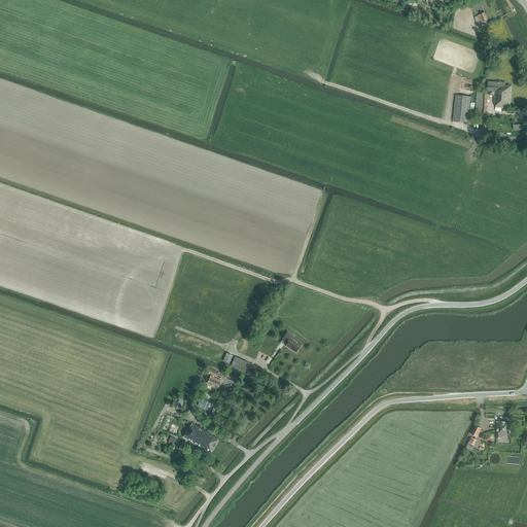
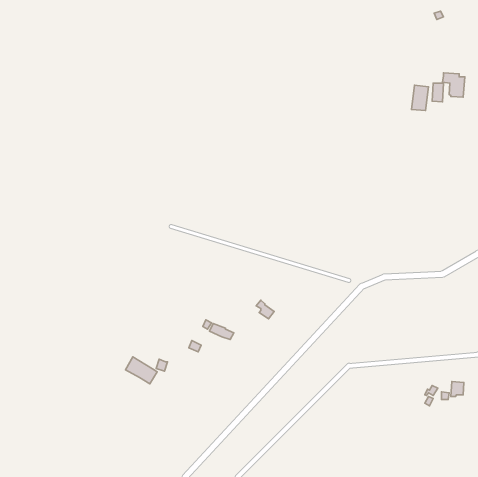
building: [183,422,218,452] -> [125,357,157,384]

